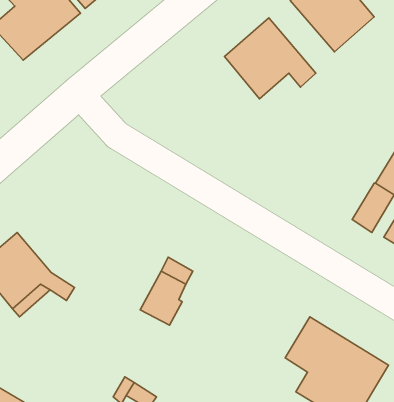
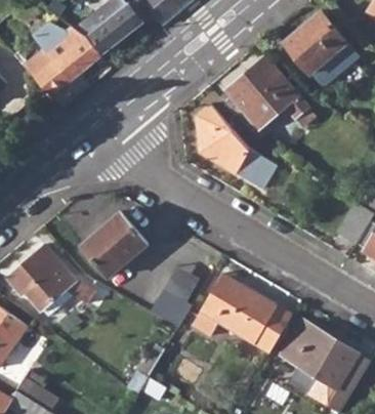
building: none -> [198,106,277,189]
building: none -> [82,212,148,277]
building: none -> [191,278,291,351]

